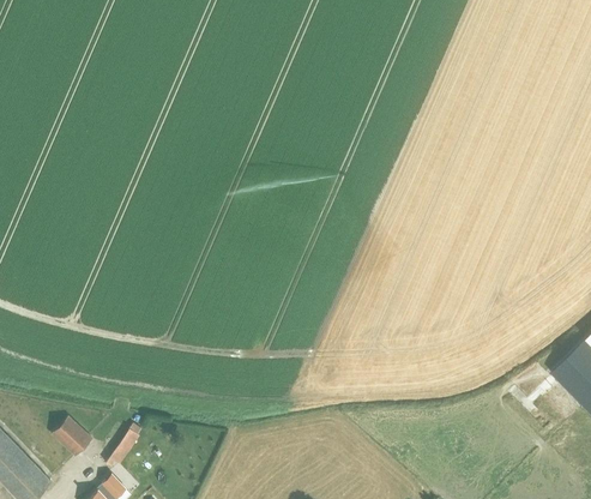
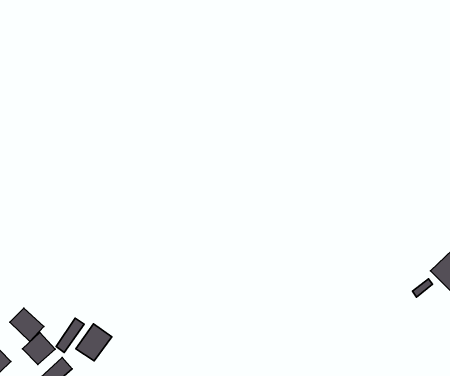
building: none -> [76,324,112,361]
building: none -> [23,332,55,364]

